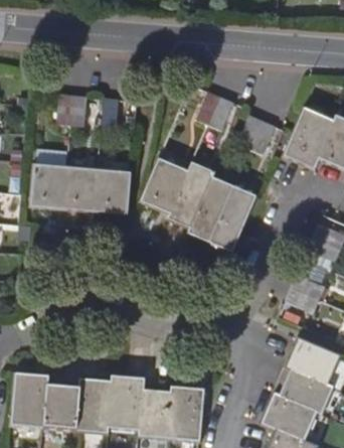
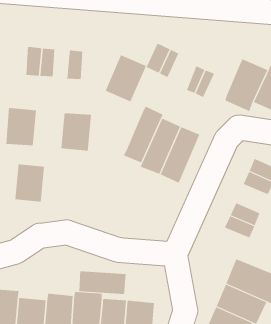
building: [141,157,189,212] -> [105,54,147,102]
building: [64,166,100,210] -> [14,164,45,202]
building: none -> [79,270,126,295]

